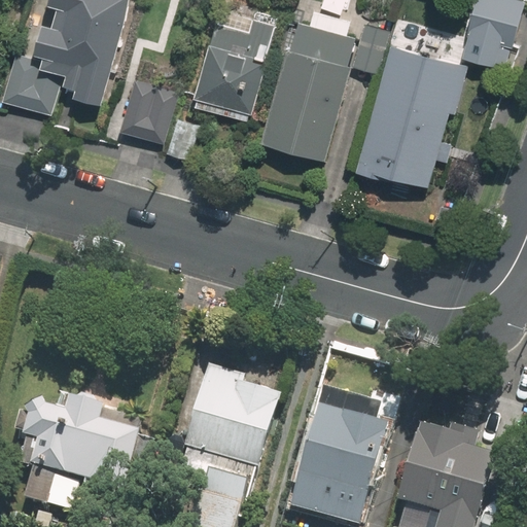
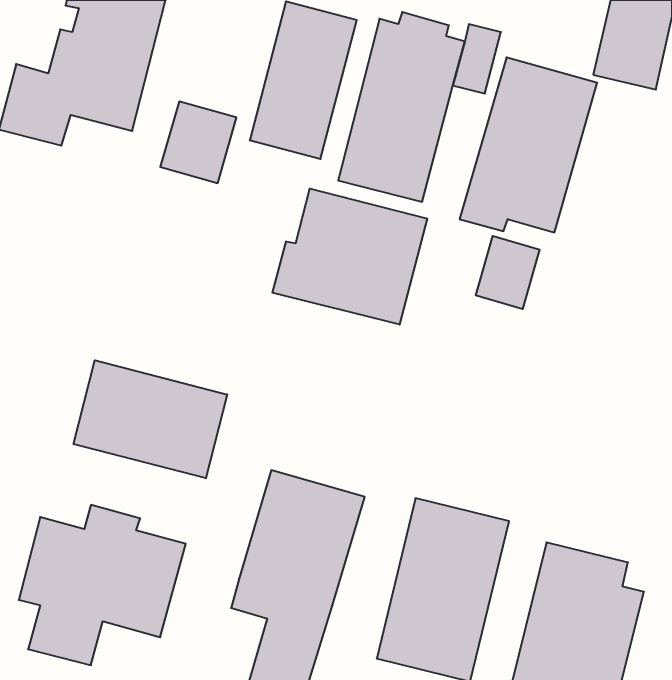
building: none -> [272,189,427,325]
building: none -> [476,236,540,309]
building: none -> [73,360,227,478]

